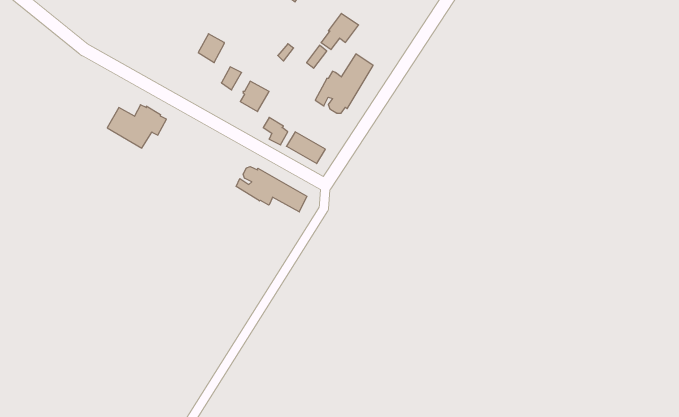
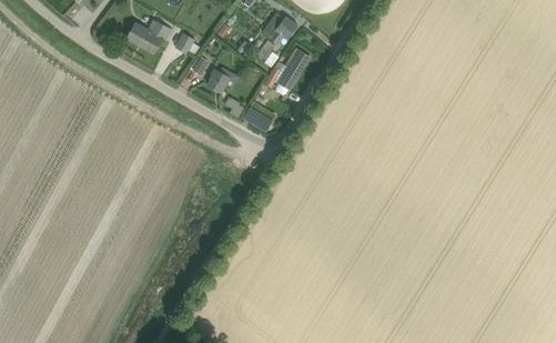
building: [107,105,166,148] -> [127,19,172,52]
building: [236,167,307,212] -> none

